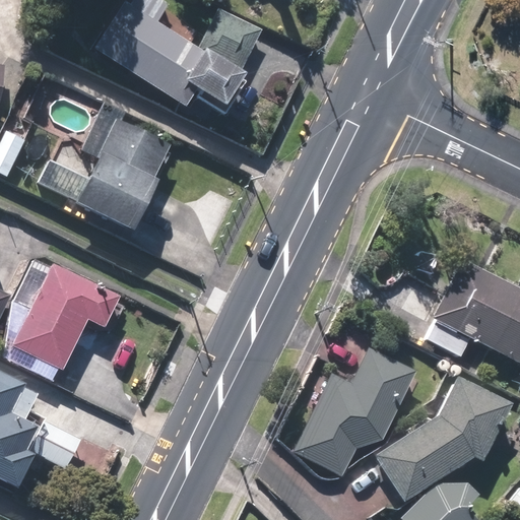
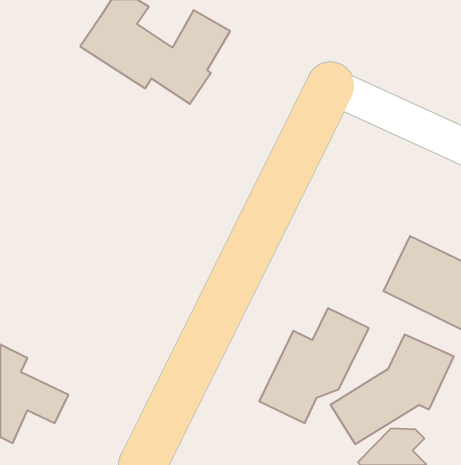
building: [40,102,177,240] -> none
building: [11,258,118,375] -> none

